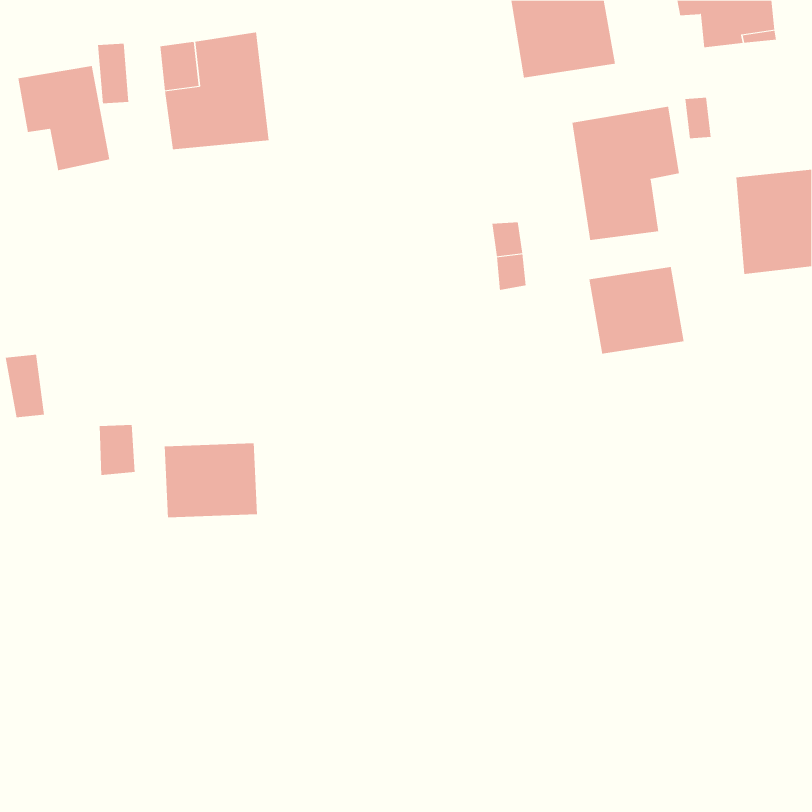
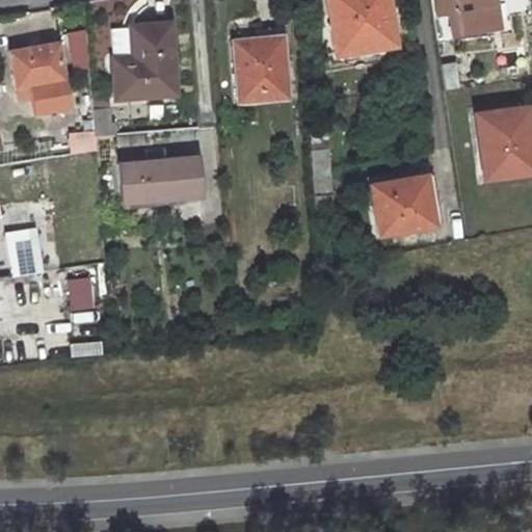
building: none -> [237,32,296,99]
building: [572,106,680,241] -> none
building: none -> [119,154,202,206]
building: [164,442,258,518] -> none

